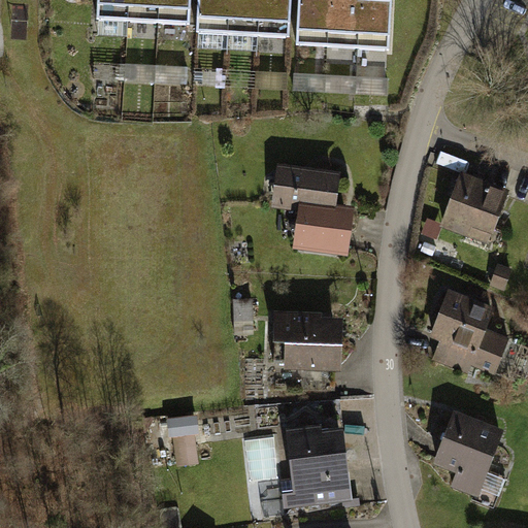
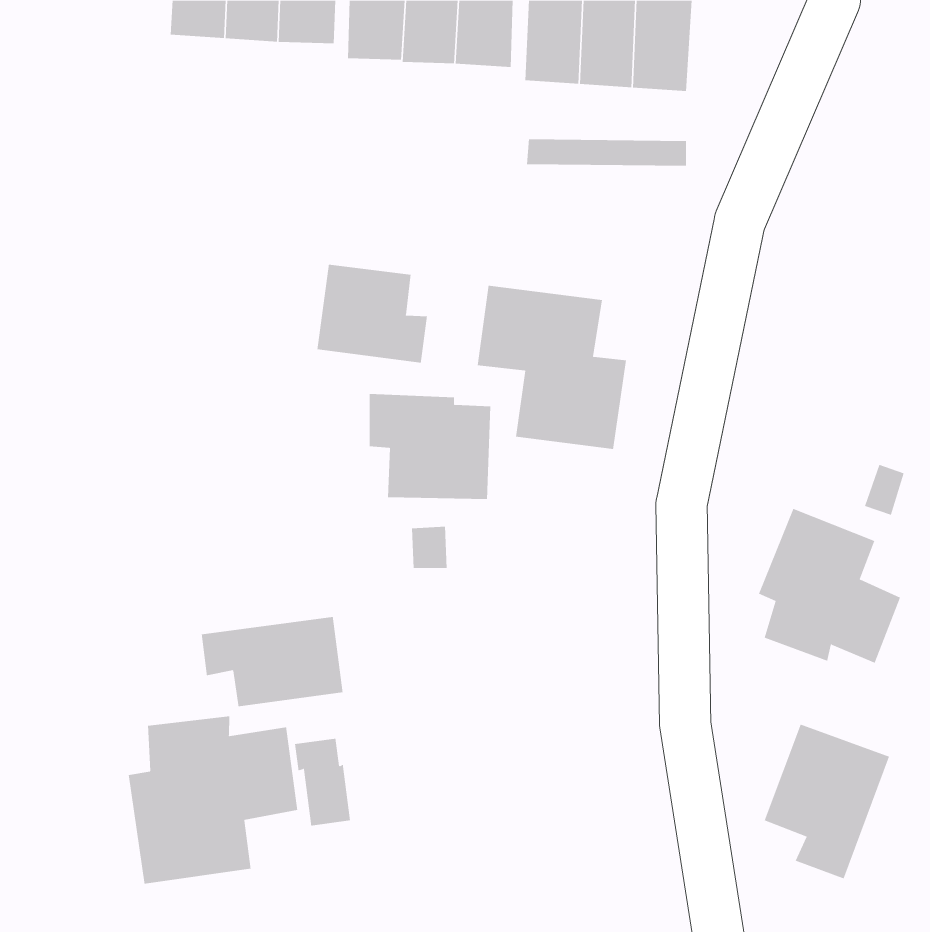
building: none -> [317,264,427,363]
building: [438,170,508,243] -> none
building: [272,309,341,369] -> [369,393,491,499]
building: none -> [201,616,343,707]
building: none -> [128,715,298,884]
building: [279,418,352,509] -> none

